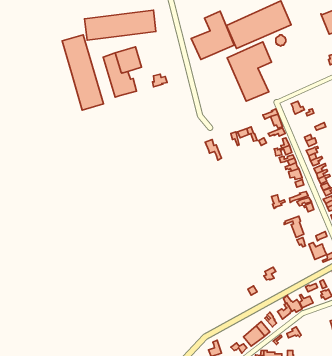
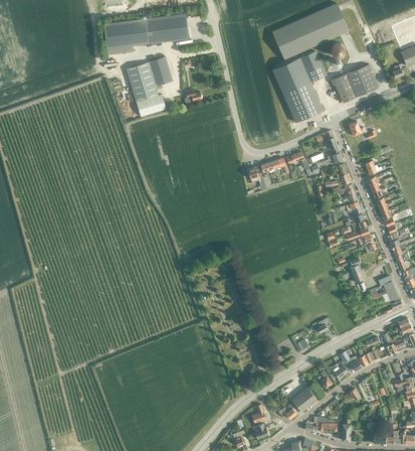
building: [191,11,234,60] -> none
building: [62,35,104,110] -> none
building: none -> [333,64,378,104]

